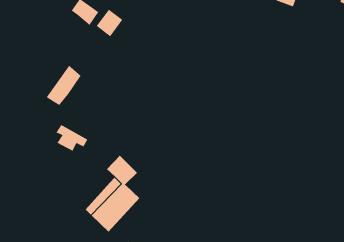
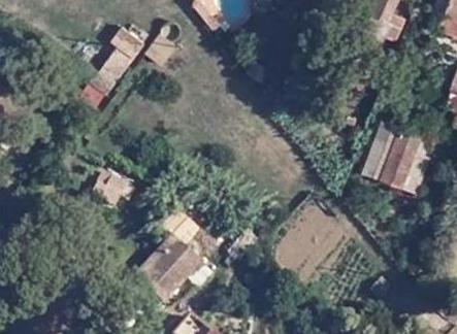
building: [46,65,82,106] -> [96,41,139,91]
building: none -> [382,130,427,187]

